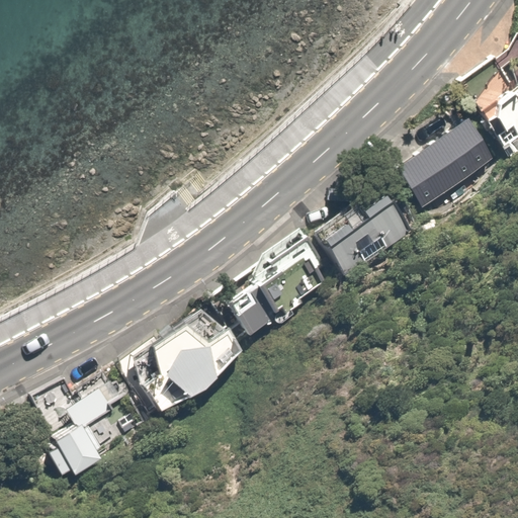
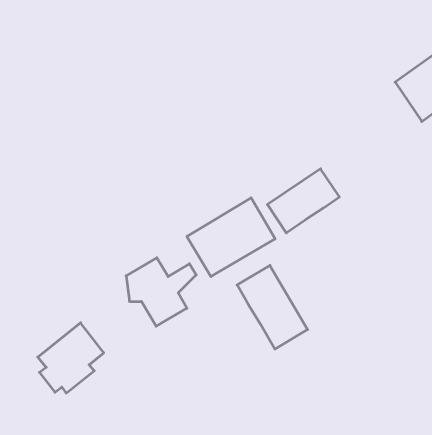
building: [394,114,498,210] -> none
building: none -> [237,265,308,349]

